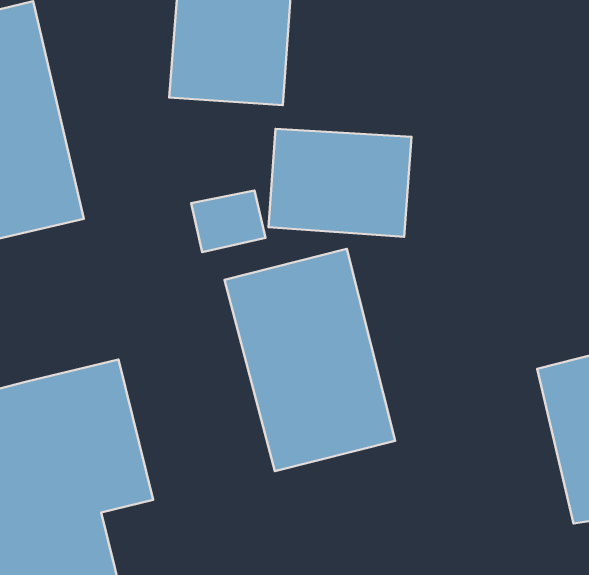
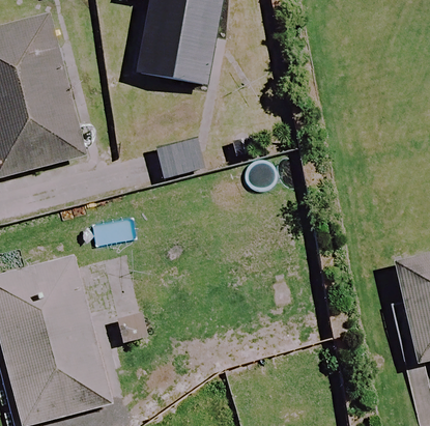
building: [268,129,411,237] -> none
building: [224,249,395,471] -> none

